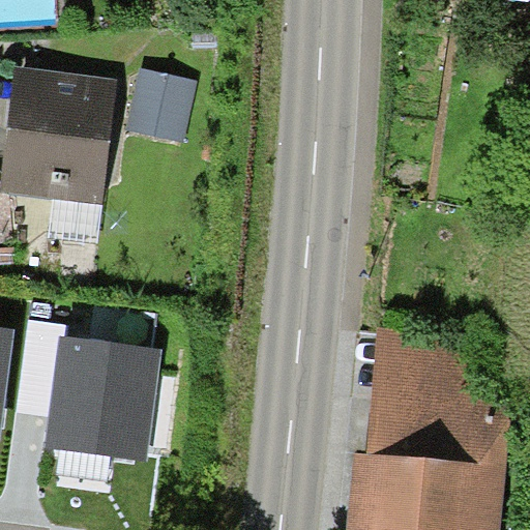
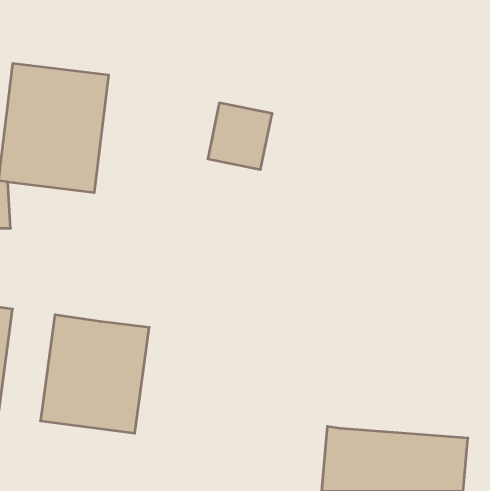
building: [125,69,195,141] -> [208,103,272,169]
building: [366,331,508,471] -> none

